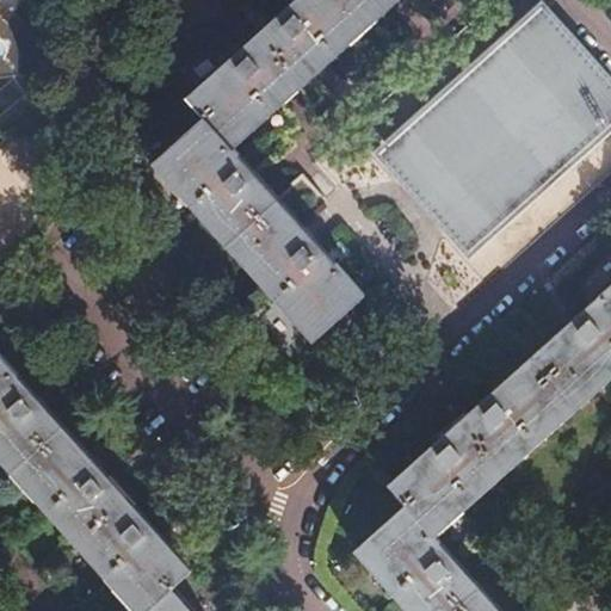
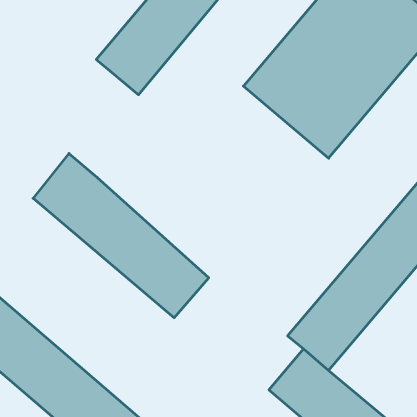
building: [150,112,362,341] -> [33,153,209,318]

